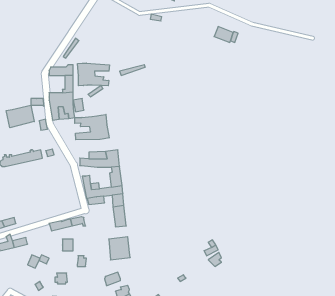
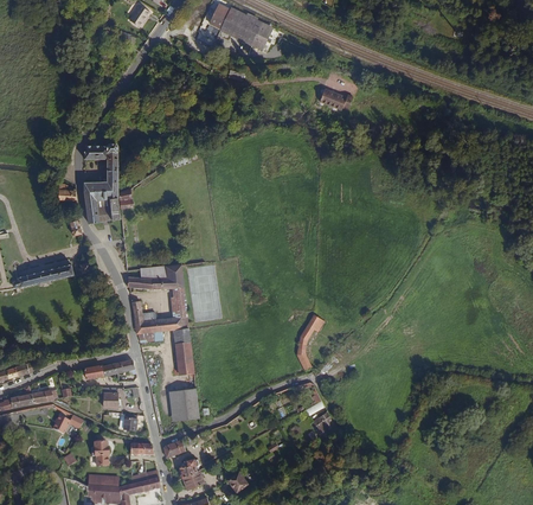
building: [78,63,109,86] -> none
building: [6,105,34,128] -> none
building: [75,114,109,140] -> none
building: none -> [296,314,325,370]

